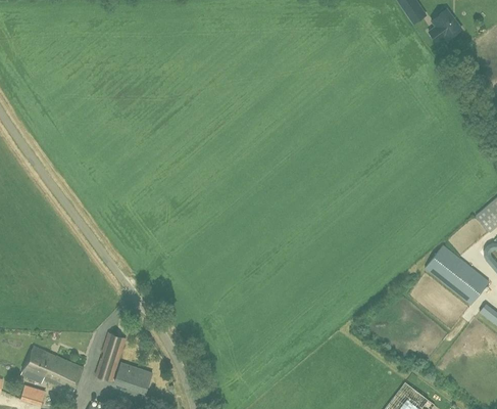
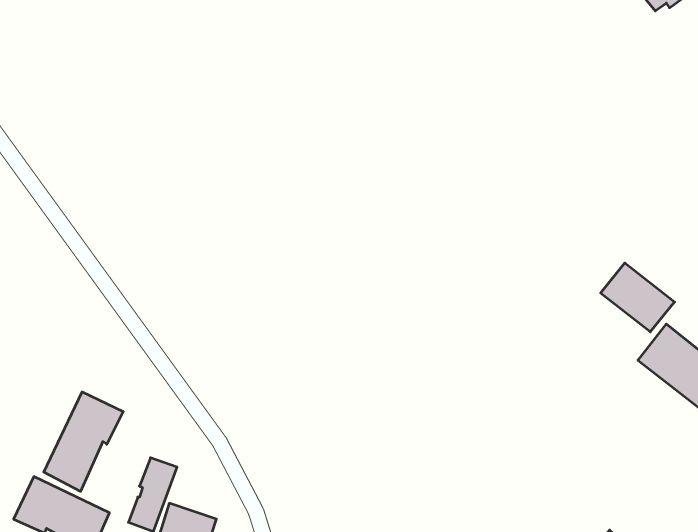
building: none -> [601,263,675,332]
building: none -> [44,392,123,491]

